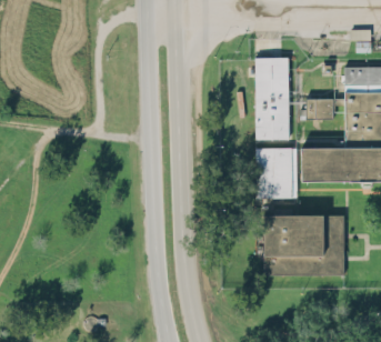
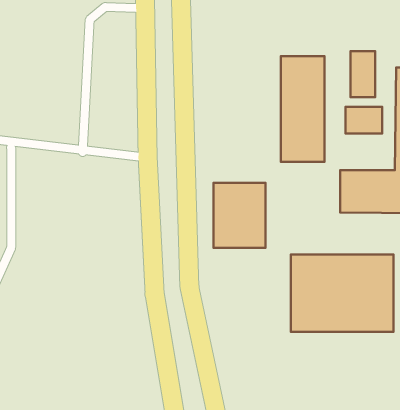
building: none -> [351,51,375,97]
building: [255,148,297,199] -> [214,183,266,248]

